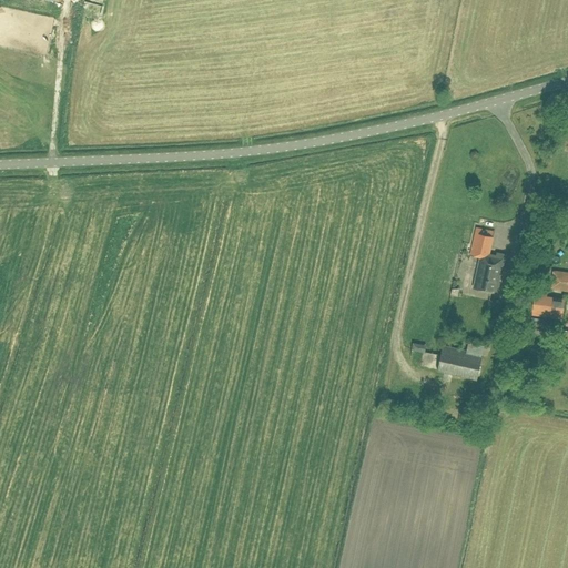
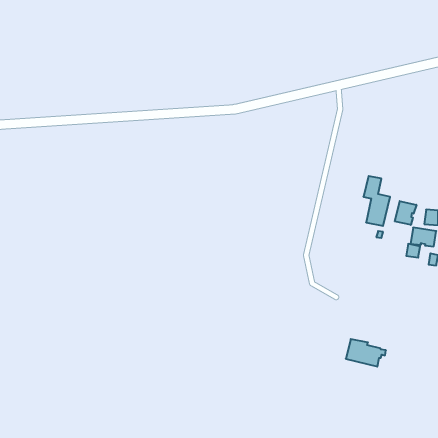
building: none -> [395,201,416,225]
building: [436,344,488,379] -> [346,339,386,367]

